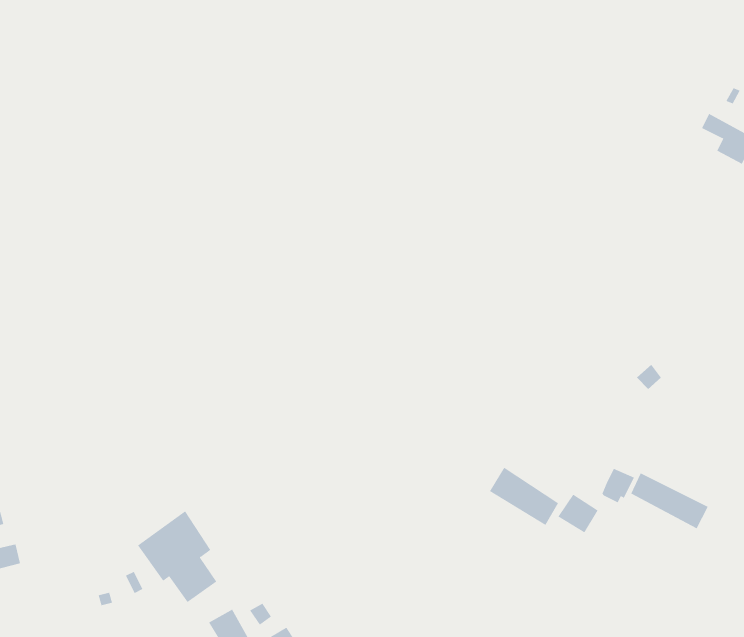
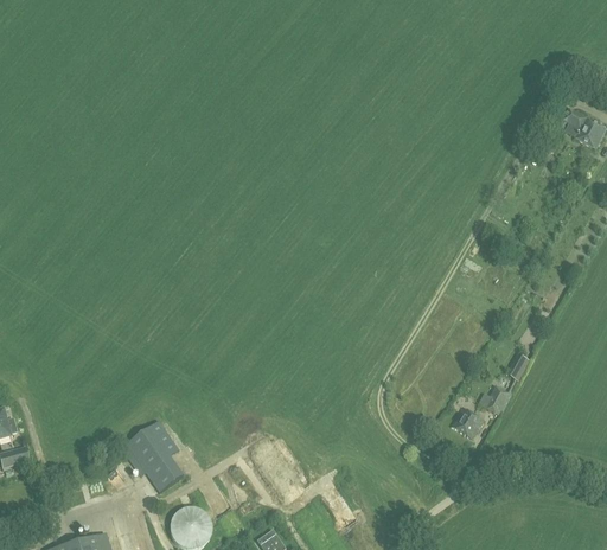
building: [489,467,559,526] -> none
building: [631,472,708,529] -> none

